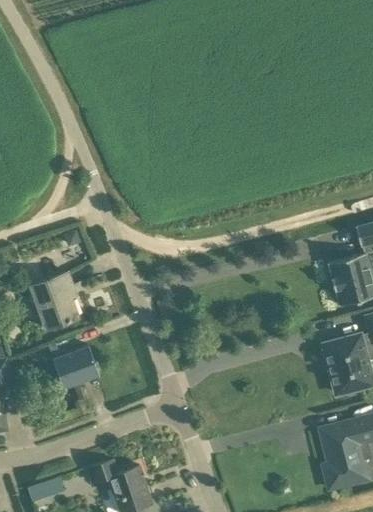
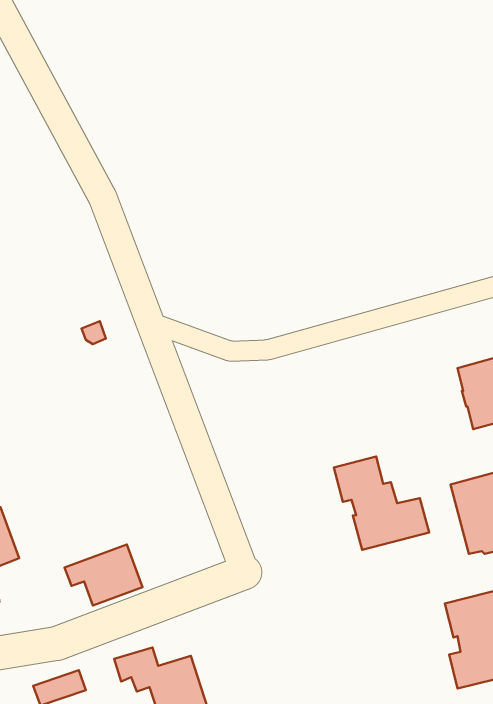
building: [32,273,79,329] -> none
building: none -> [334,456,429,550]
building: [45,346,100,389] -> [64,545,142,606]

